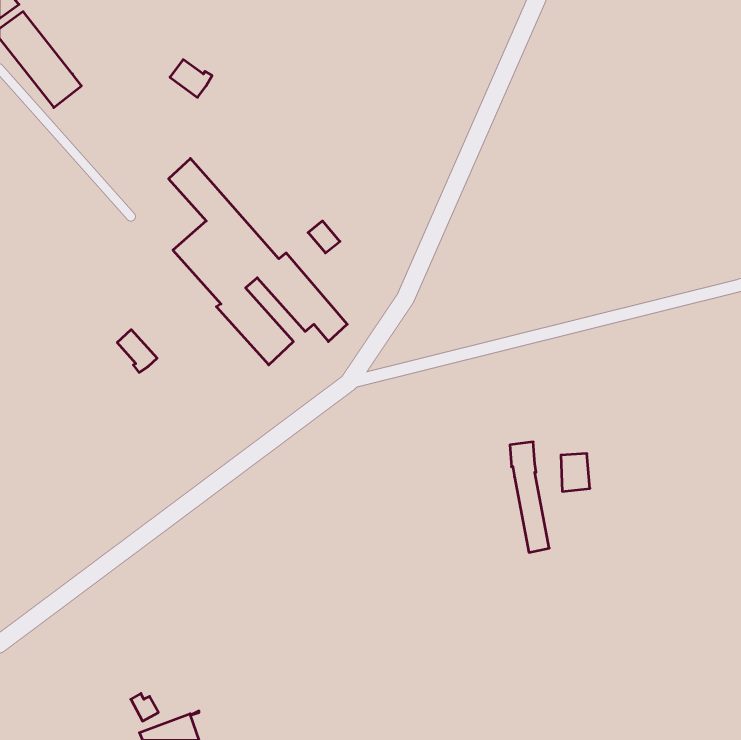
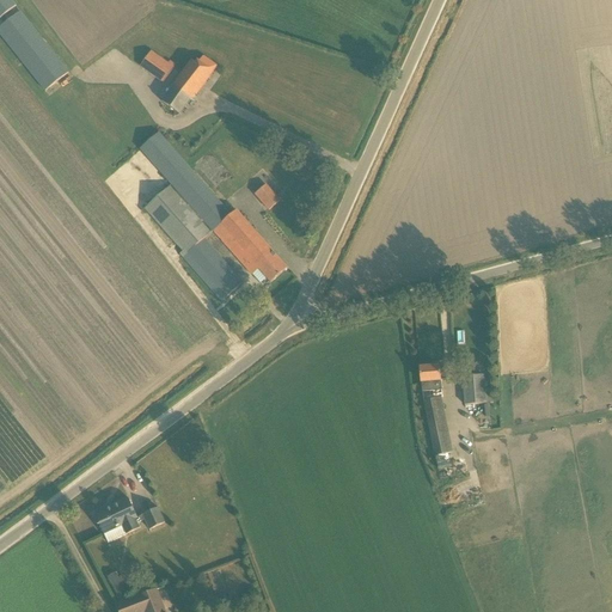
building: none -> [161,53,216,112]
building: [117,330,157,372] -> none
building: none -> [93,496,164,540]

